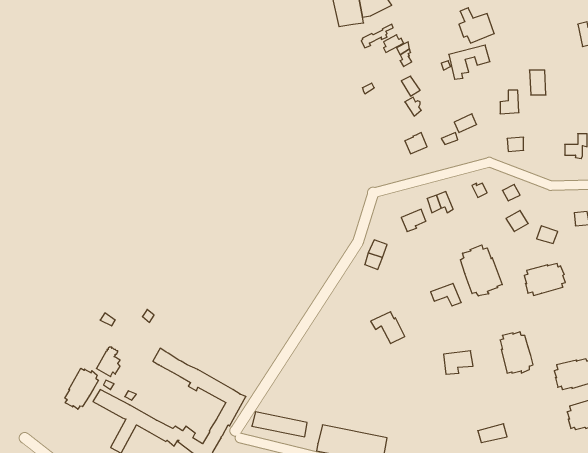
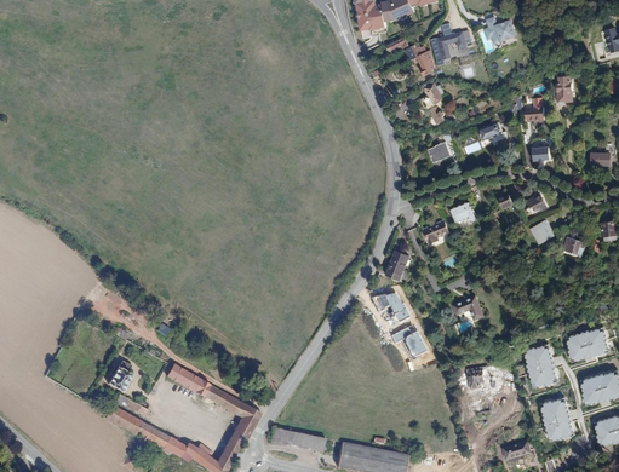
building: [449,45,490,79] -> [430,29,472,64]
building: [460,245,502,296] -> none
building: [524,264,565,295] -> [566,329,608,362]
building: none -> [372,290,409,324]
building: [65,368,98,409] -> none
building: none -> [540,398,573,441]

